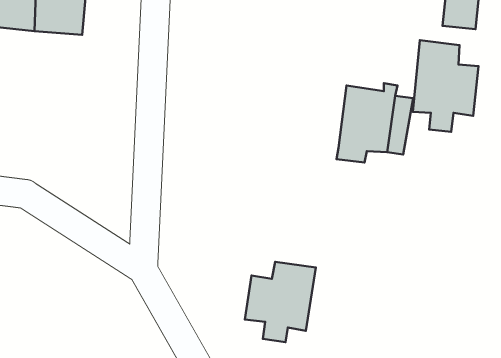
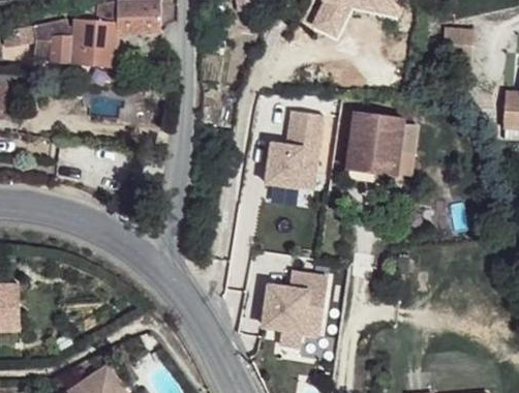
building: [413,40,478,132] -> none
building: none -> [267,113,326,192]

